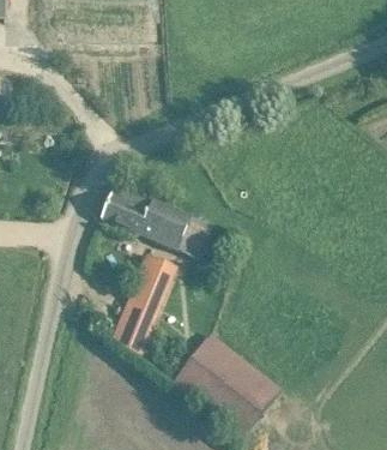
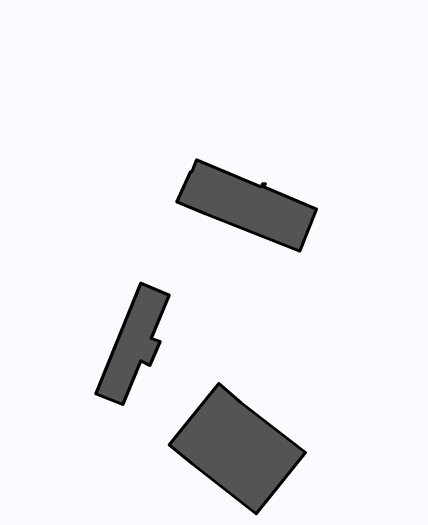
building: [99,184,211,257] -> [177,160,316,251]

